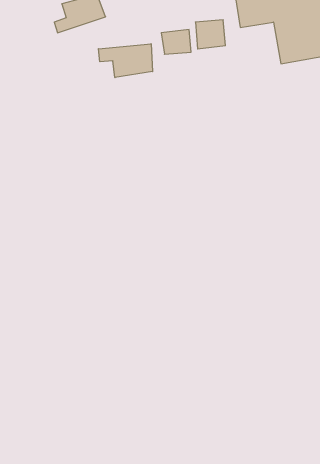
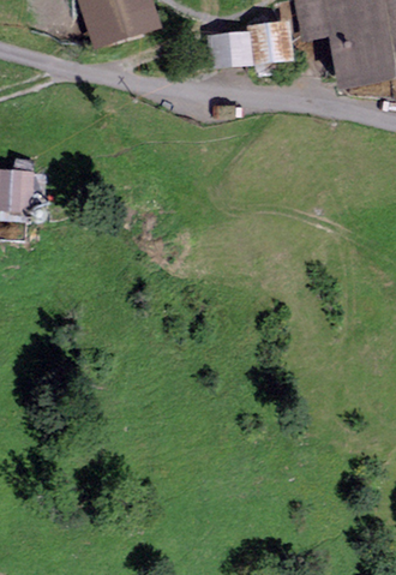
building: [98,44,153,78] -> none

